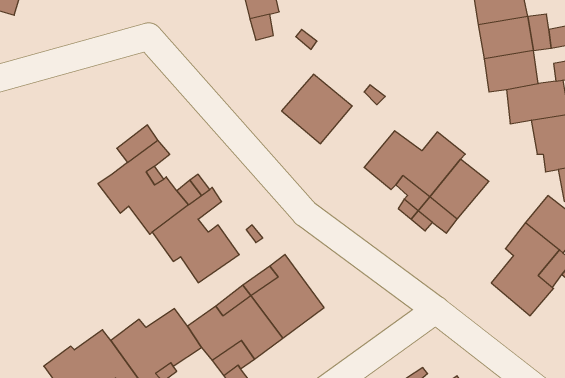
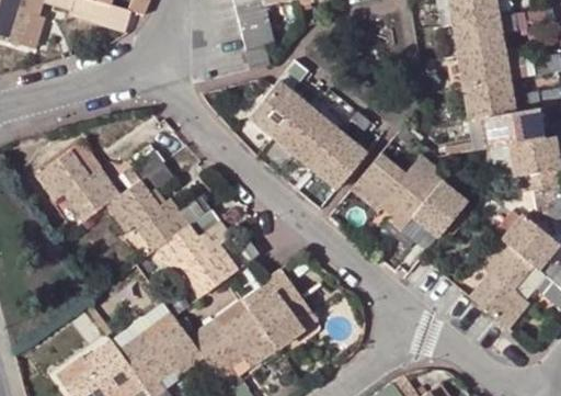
building: none -> [250,80,306,136]
building: none -> [312,132,366,186]
building: none -> [36,150,118,220]

